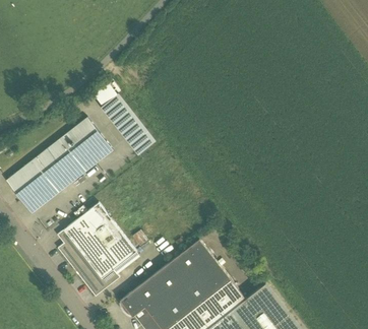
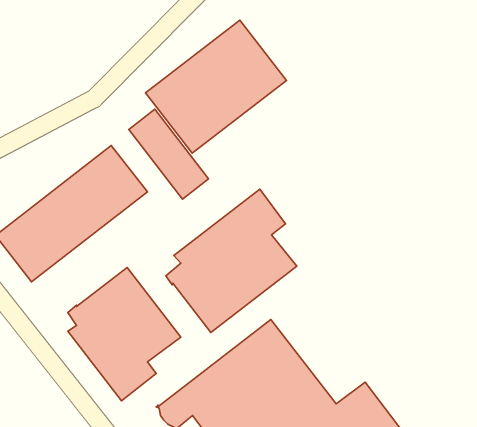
building: none -> [146,20,286,153]
building: none -> [166,189,297,332]

